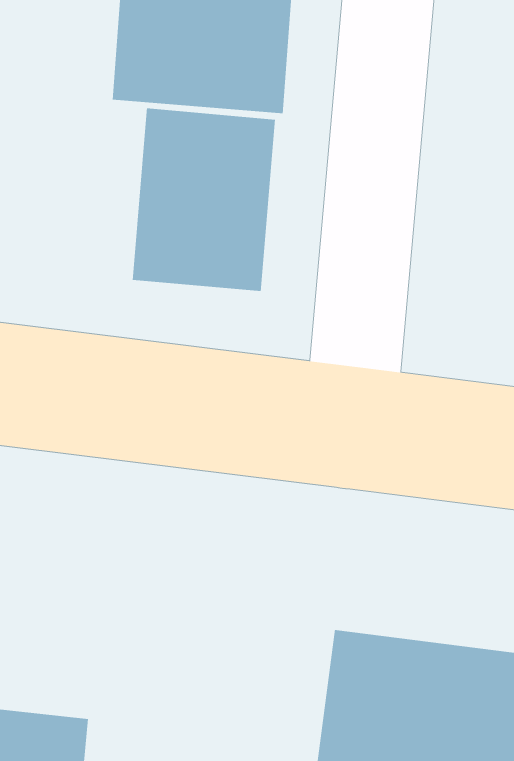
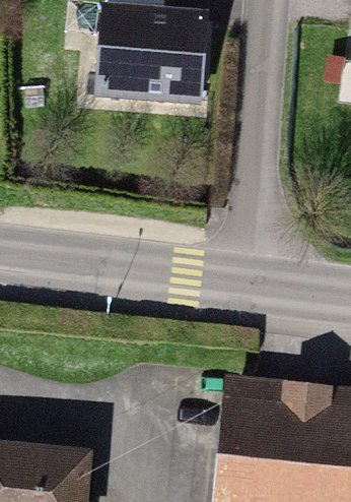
building: [132,108,275,292] -> none

